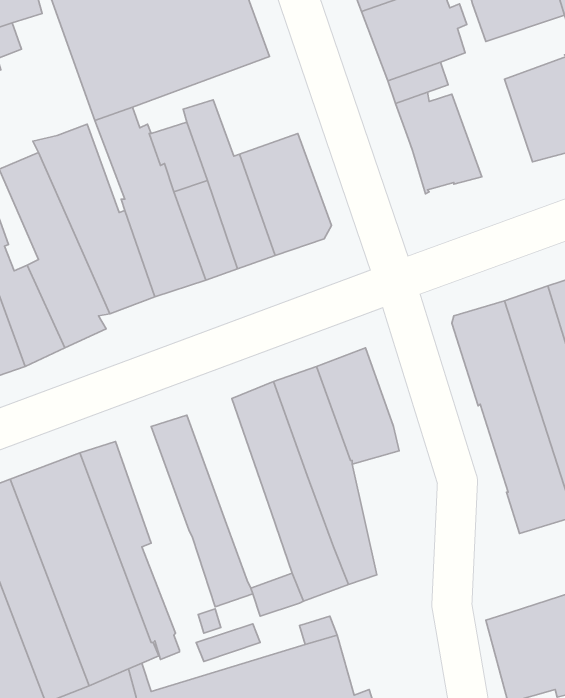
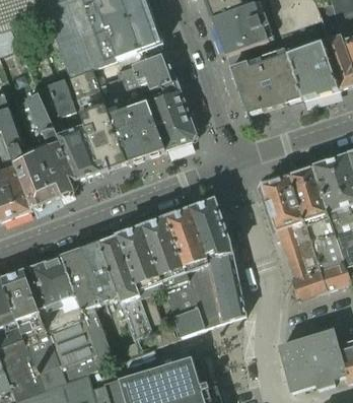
building: none -> [132,51,178,94]
building: none -> [261,53,304,106]
building: none -> [118,225,163,324]
building: none -> [79,241,119,304]
building: none -> [207,254,244,321]

